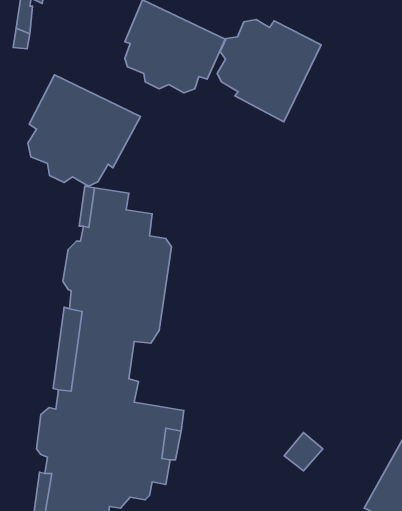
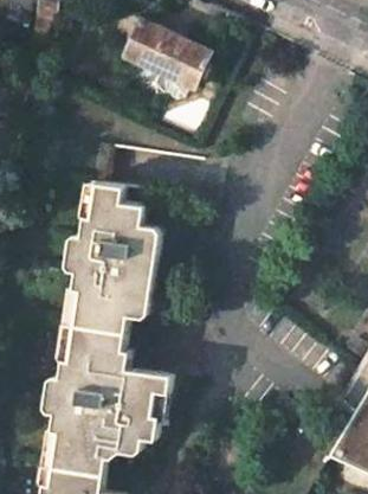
building: [217,19,321,122] -> none
building: [28,75,140,186] -> none

